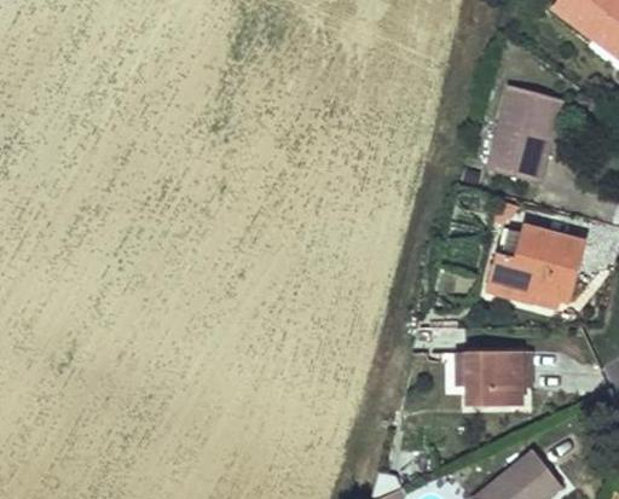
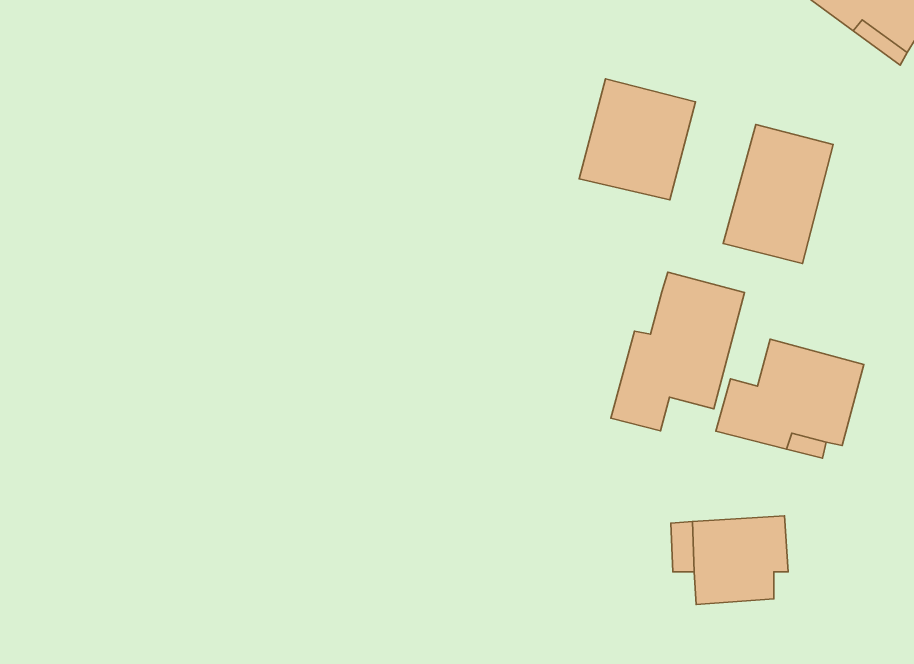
building: none -> [579,79,695,200]
building: none -> [611,272,745,431]

